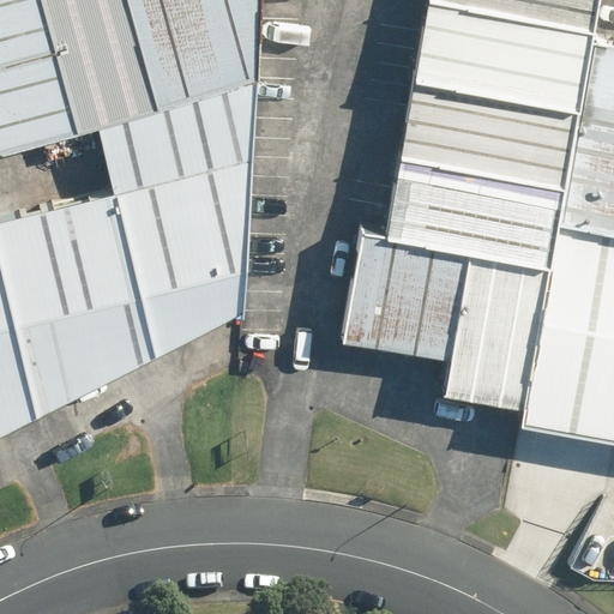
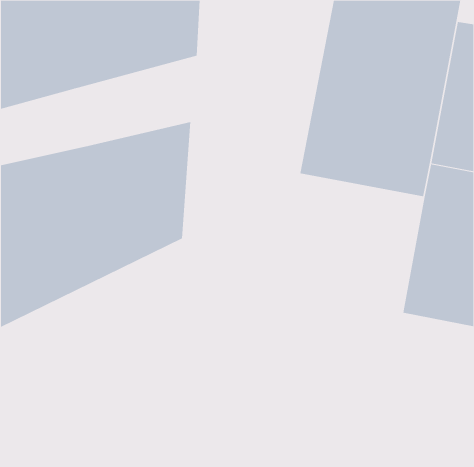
building: [96,82,255,198] -> none
building: [337,228,548,407] -> none

